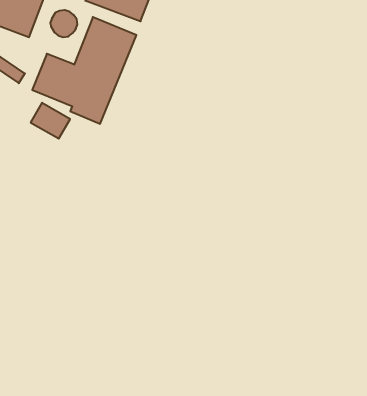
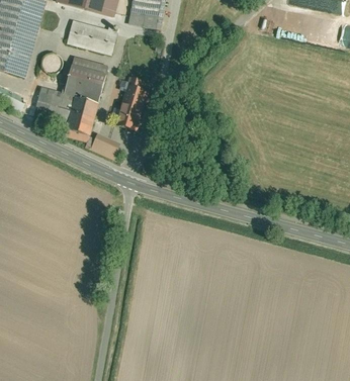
building: none -> [115,83,149,129]
building: [31,103,70,139] -> [90,131,120,158]

